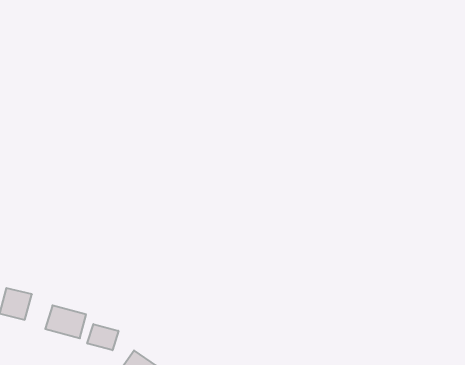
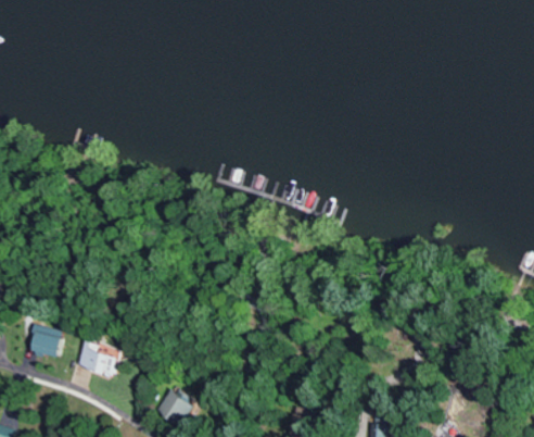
building: [87,324,118,350] -> none

